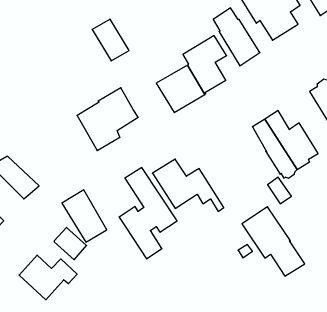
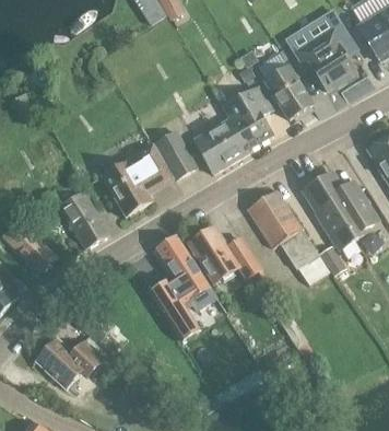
building: [92,19,129,61] -> [154,131,197,179]
building: [62,190,107,242] -> [58,188,109,248]
building: [242,207,305,276] -> [247,188,319,268]

